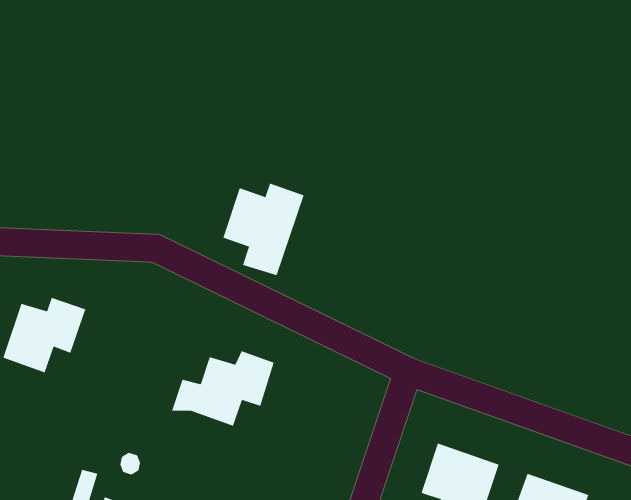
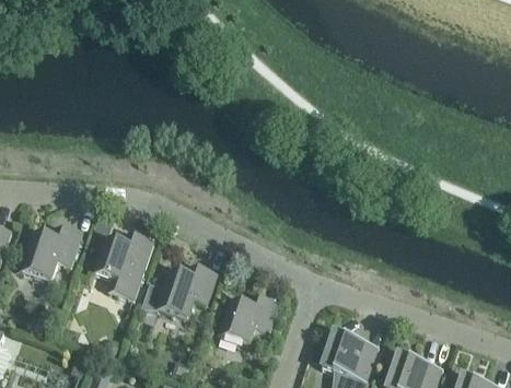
building: [222,183,304,276] -> [94,233,153,299]
building: none -> [219,295,278,344]

